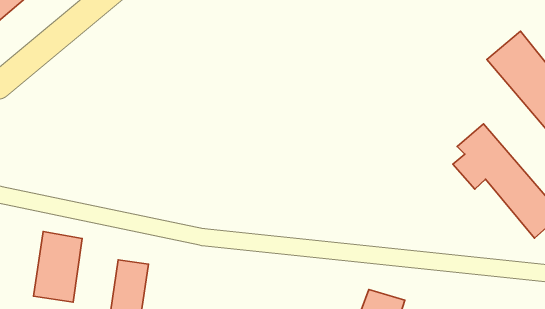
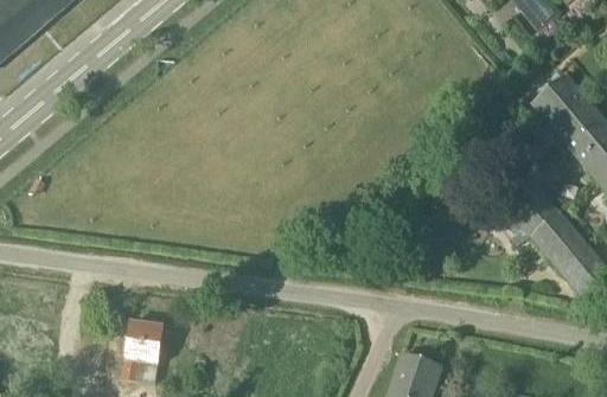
building: [34,231,82,302] -> none

